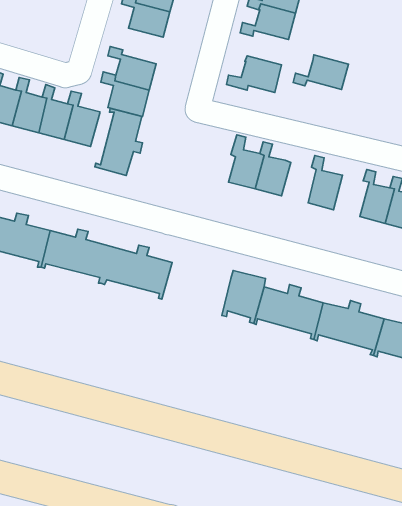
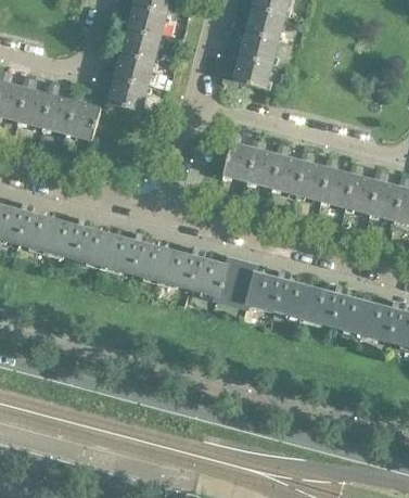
building: none -> [115,22,161,63]
building: [293,55,348,89] -> [227,31,279,64]
building: [95,109,142,176] -> none
building: none -> [272,143,305,194]
building: none -> [321,156,355,207]
building: none -> [159,248,225,301]

